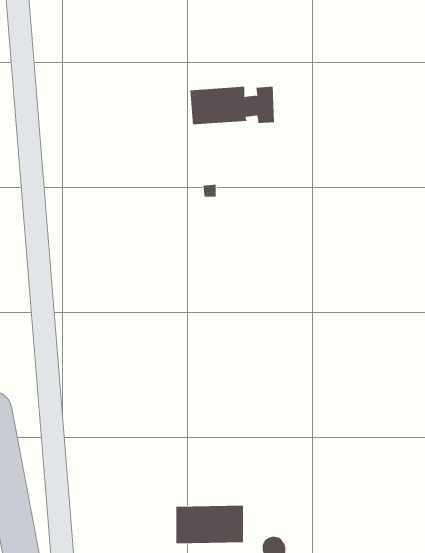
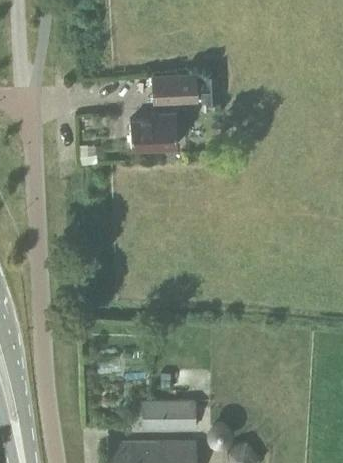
building: none -> [132,114,178,147]

